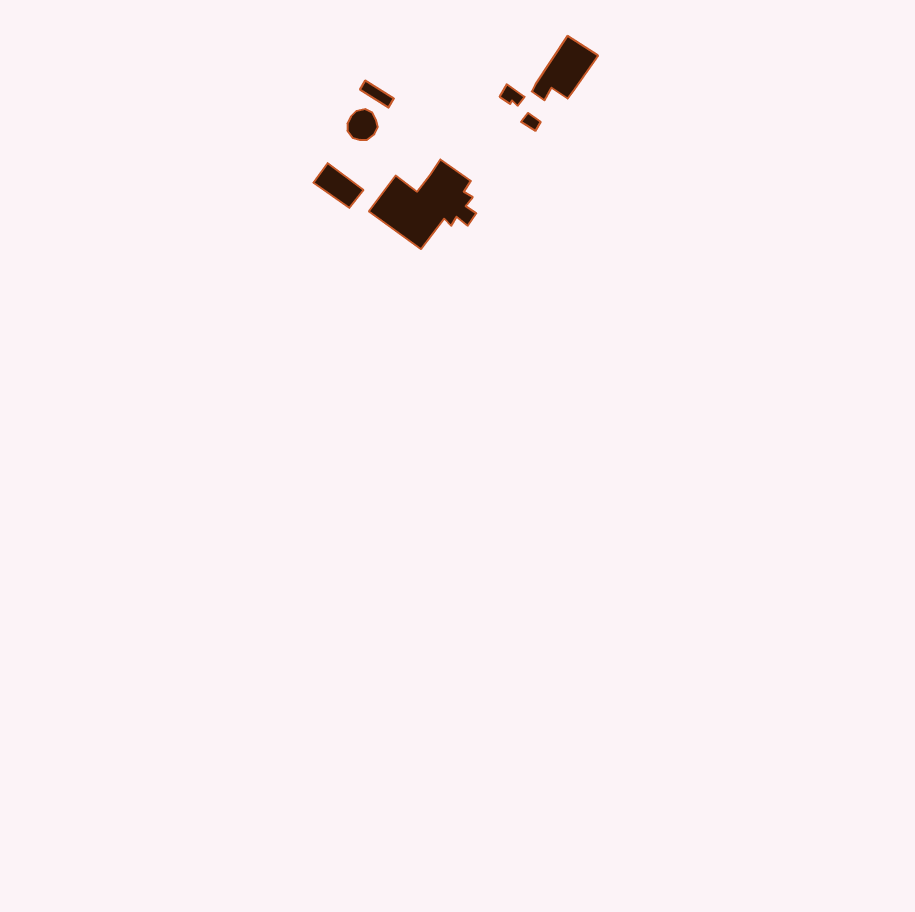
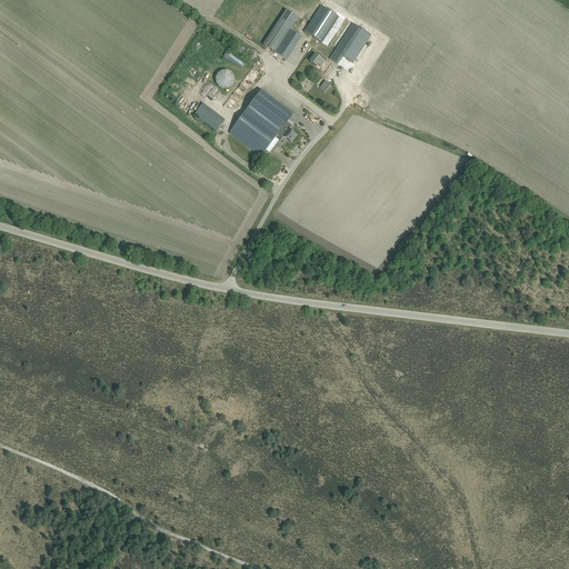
building: none -> [305,4,337,41]
building: none -> [263,8,301,58]

